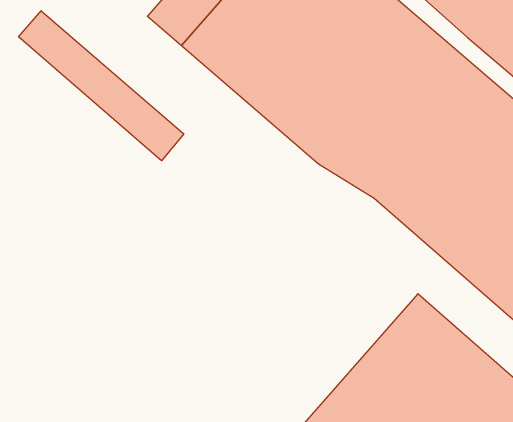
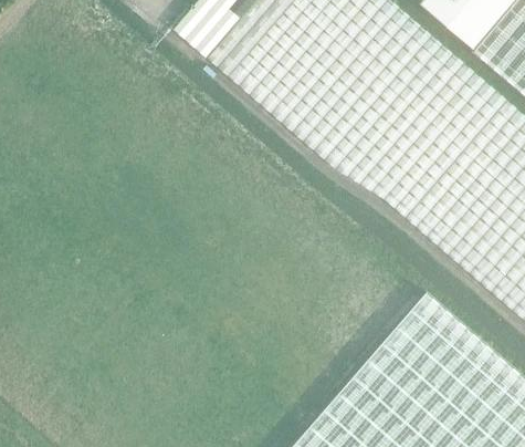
building: [19,11,184,161] -> none

